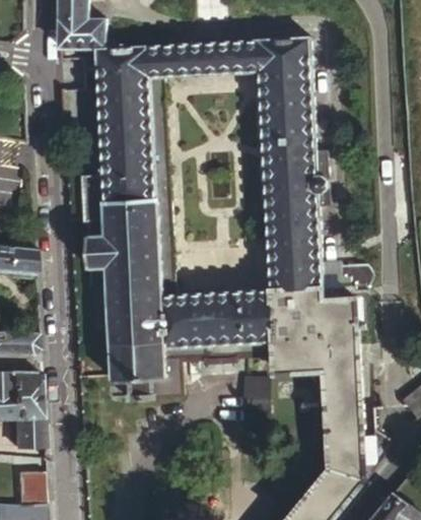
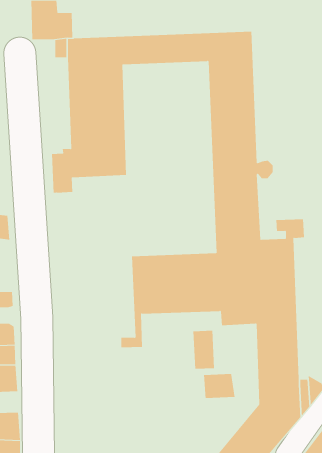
building: [85,202,174,406] -> none
building: none -> [203,373,235,399]

